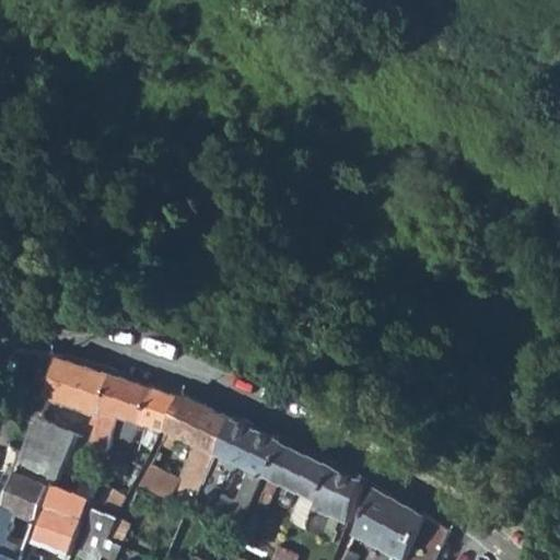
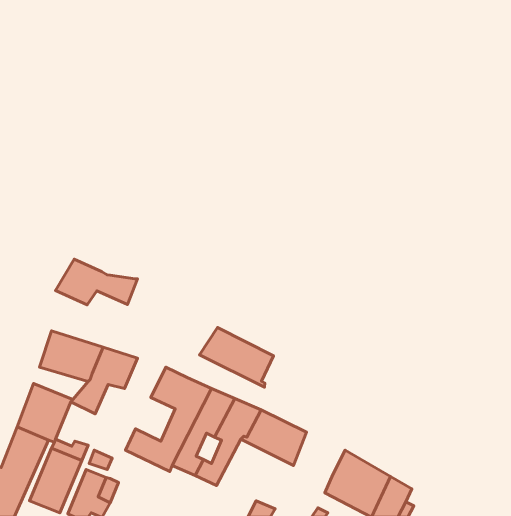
building: none -> [56,259,138,305]
building: none -> [199,327,273,387]
building: [135,388,179,431] -> none
building: [305,468,360,536] -> none

